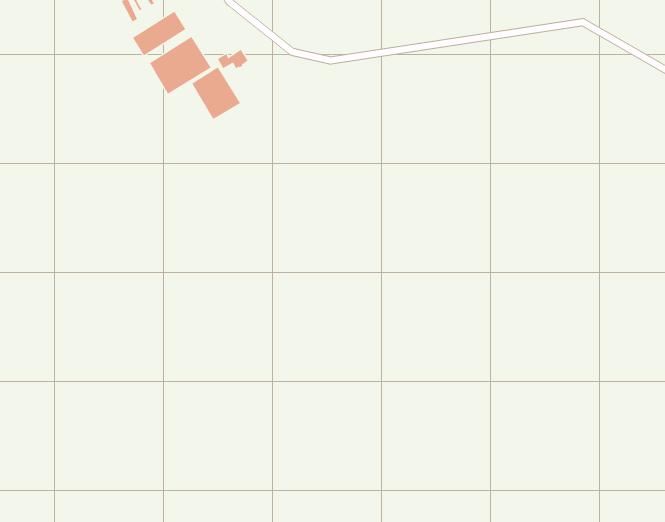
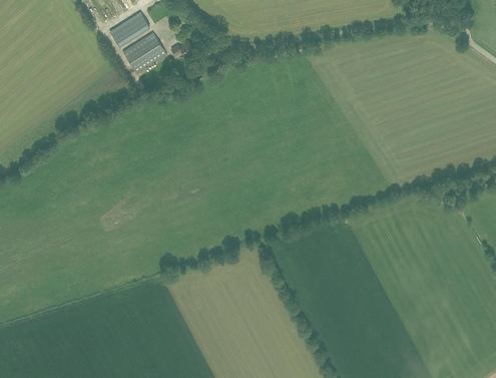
building: [191,66,241,120] -> none

